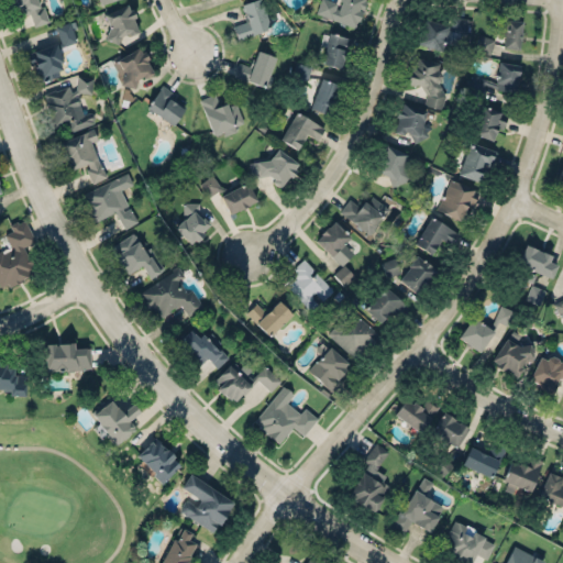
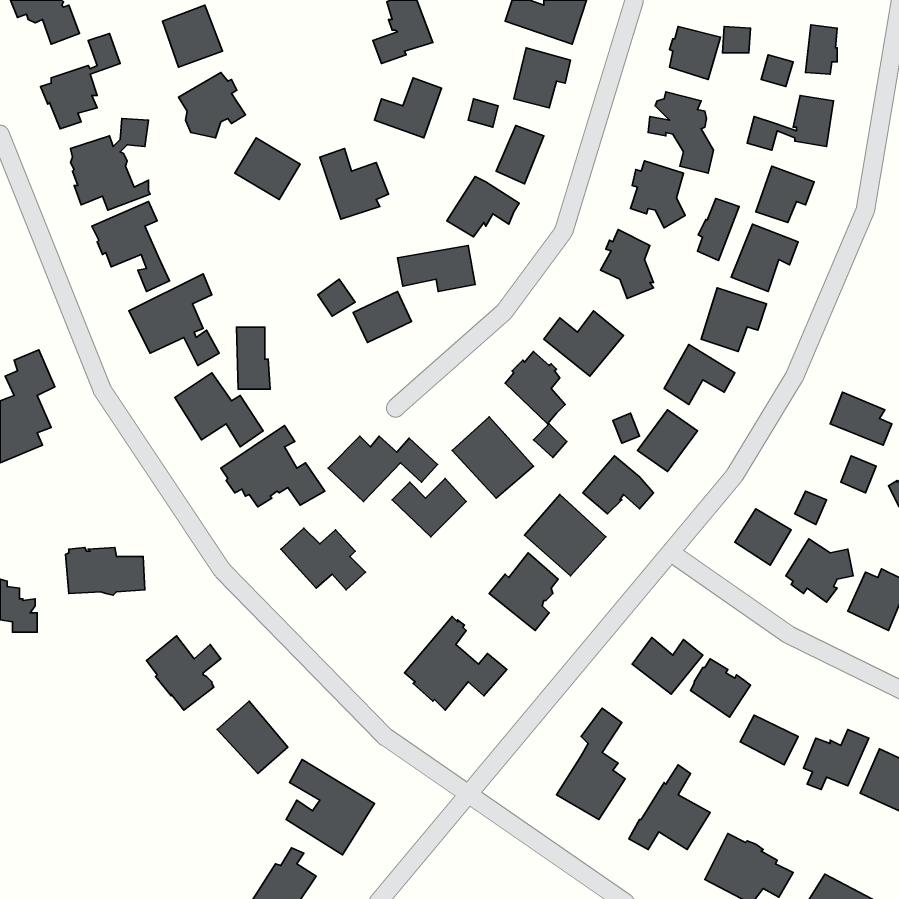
building: none -> [697,198,739,261]
building: [183,205,203,243] -> [237,327,270,389]
building: [213,364,282,405] -> [328,436,438,502]

